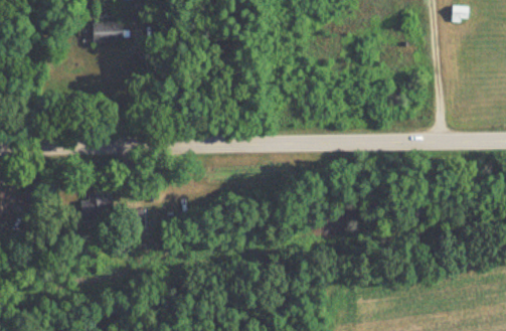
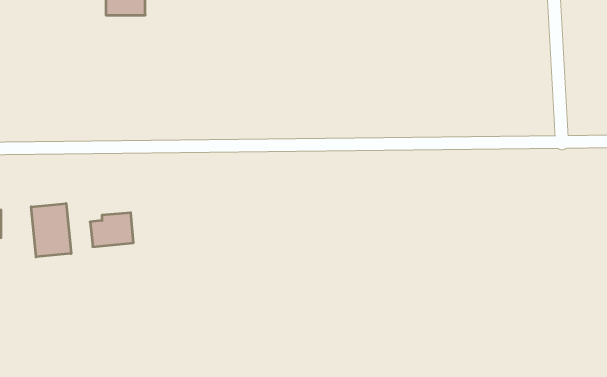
building: none -> [31,203,71,257]

